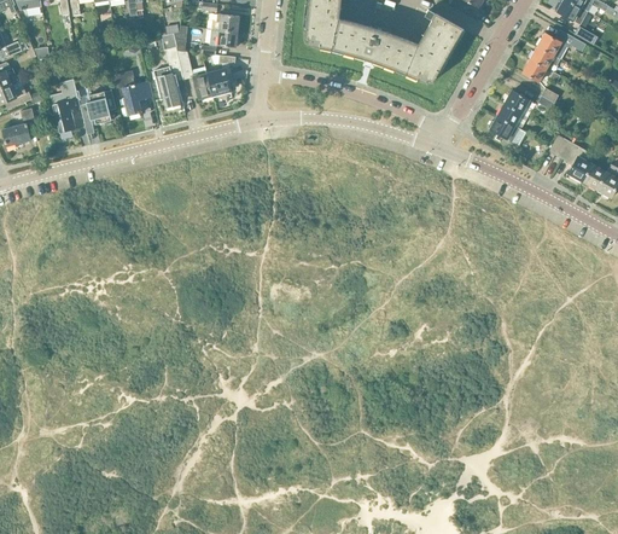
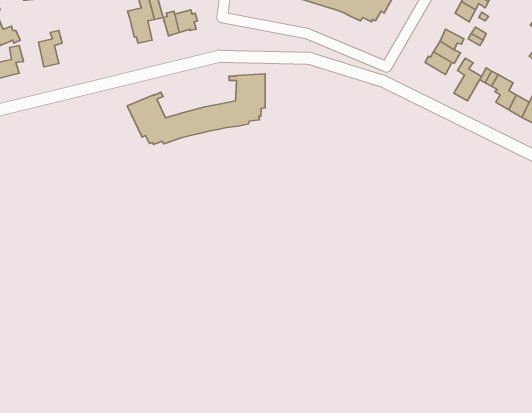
building: [113,70,153,114] -> none
building: [81,98,112,123] -> none
building: none -> [454,58,482,101]
building: none -> [127,74,265,144]

